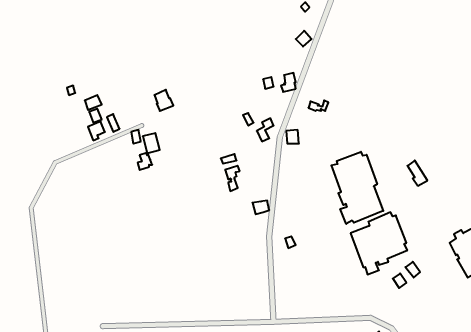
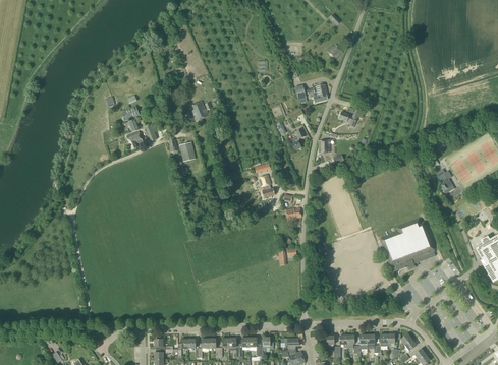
building: [331,152,383,224] -> none

